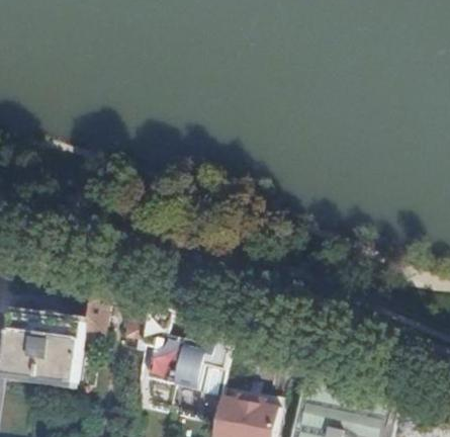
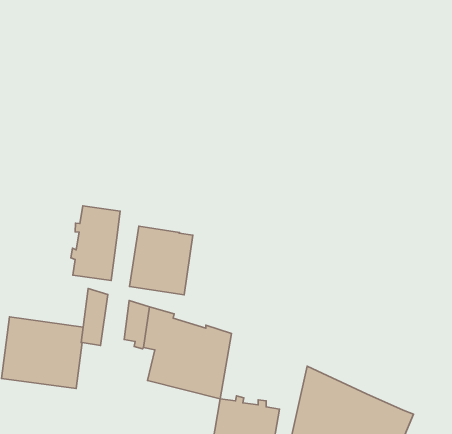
building: none -> [71,206,120,281]
building: none -> [130,226,193,295]

